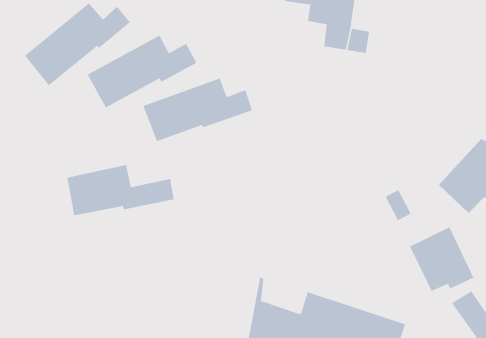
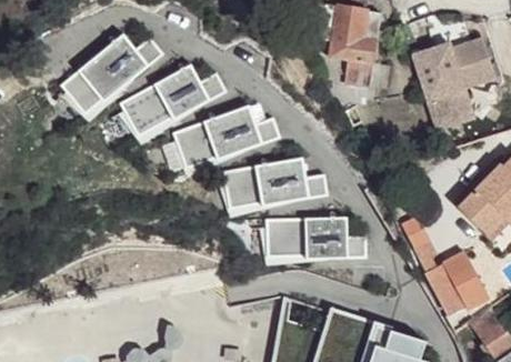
building: none -> [411,39,493,129]
building: [67,165,174,216] -> [223,161,327,210]
building: none -> [265,218,365,259]

